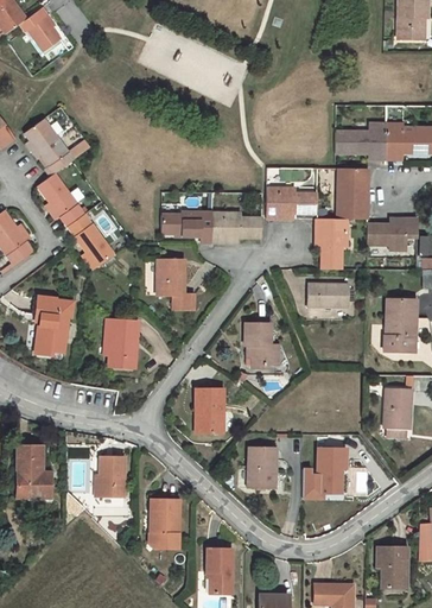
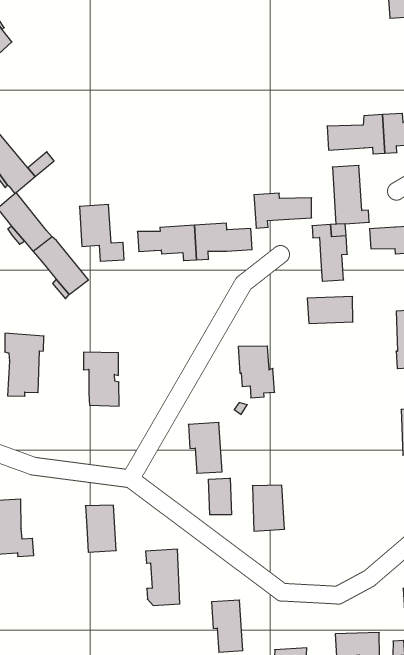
building: [158,259,195,309] -> [79,205,124,261]
building: none -> [209,478,231,515]
building: [317,448,345,492] -> none

